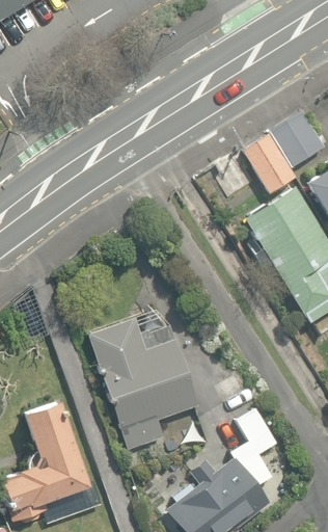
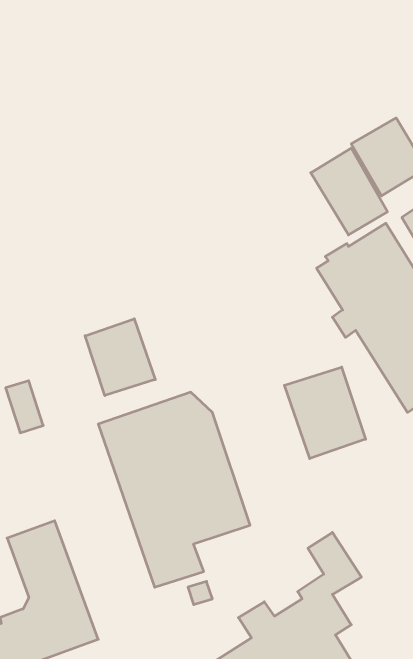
building: none -> [85,319,155,396]
building: none -> [284,367,366,459]

